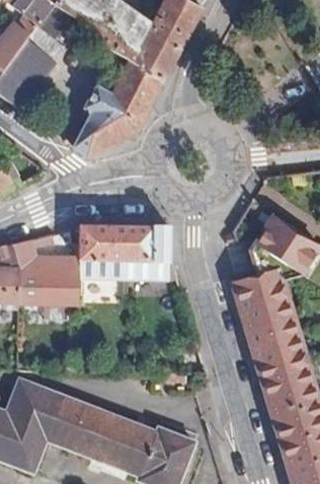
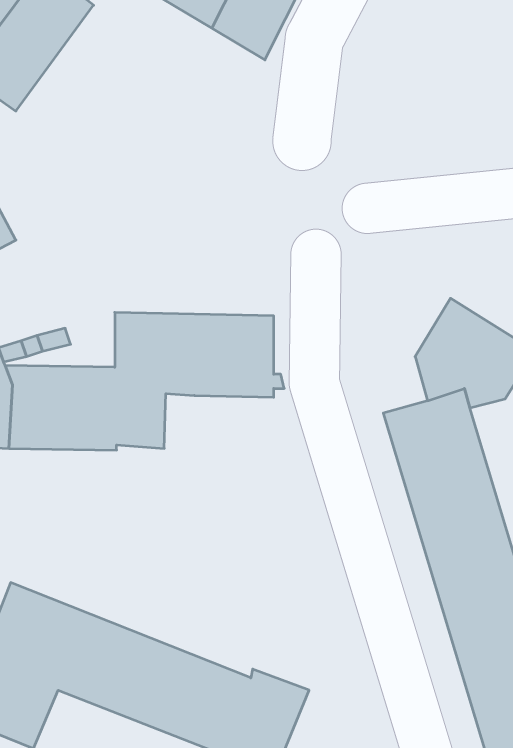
building: [66,61,165,156] -> none

